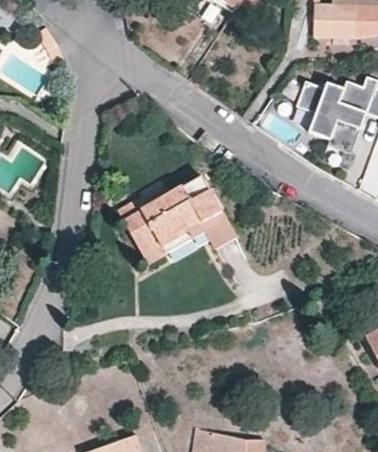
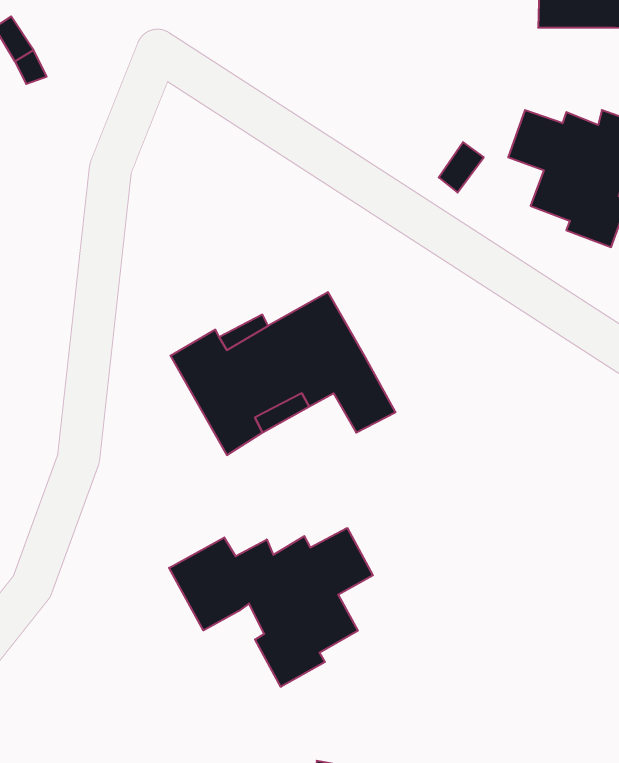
building: none -> [169,528,373,687]

